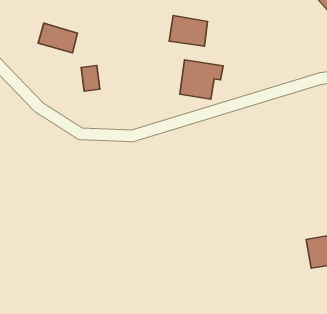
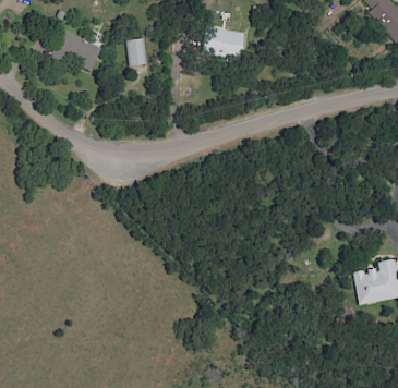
building: [180,60,223,99] -> none
building: [81,66,100,91] -> [126,38,147,66]

